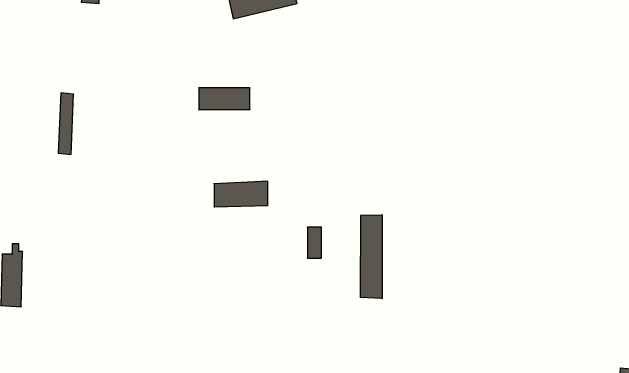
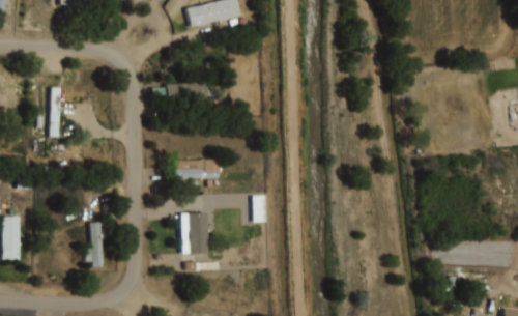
building: [360,215,382,299] -> none
building: none -> [180,212,208,254]
building: none -> [85,222,106,268]

